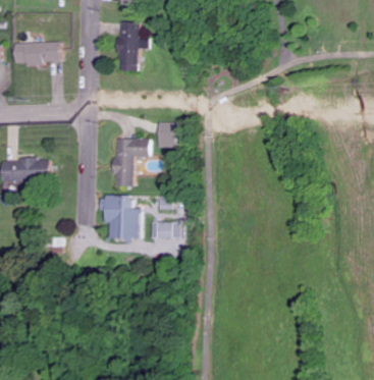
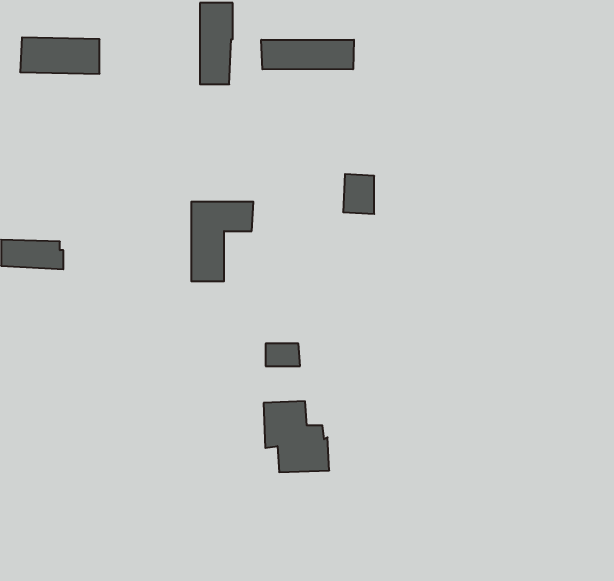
building: none -> [261,40,354,69]
building: [159,123,177,147] -> [343,174,374,214]
building: [103,196,142,237] -> [264,401,329,472]

